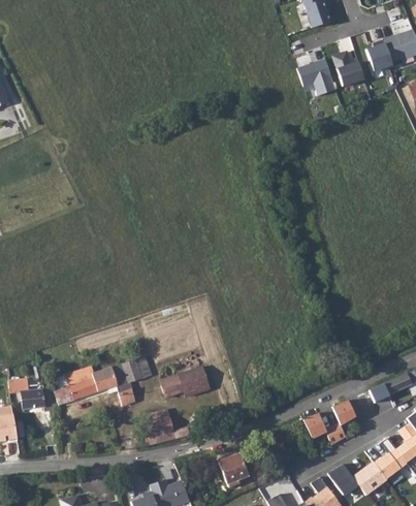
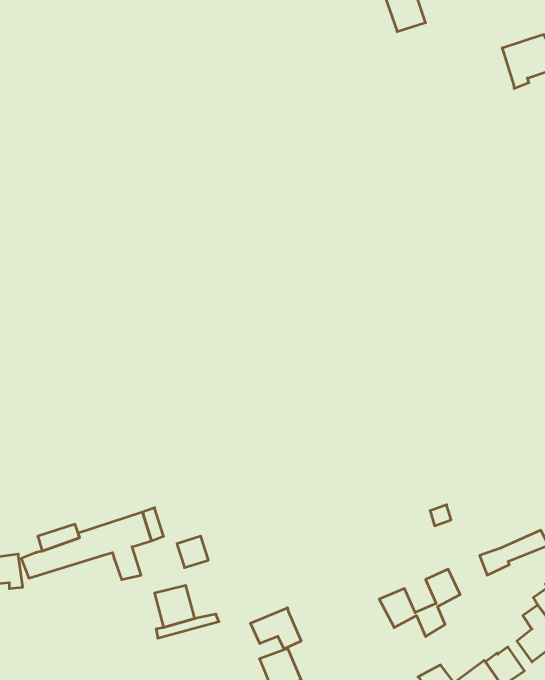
building: [366,39,392,71] -> none
building: [332,52,363,86] -> none
building: [296,59,335,96] -> none
building: [177,367,210,398] -> none
building: none -> [250,608,301,649]

